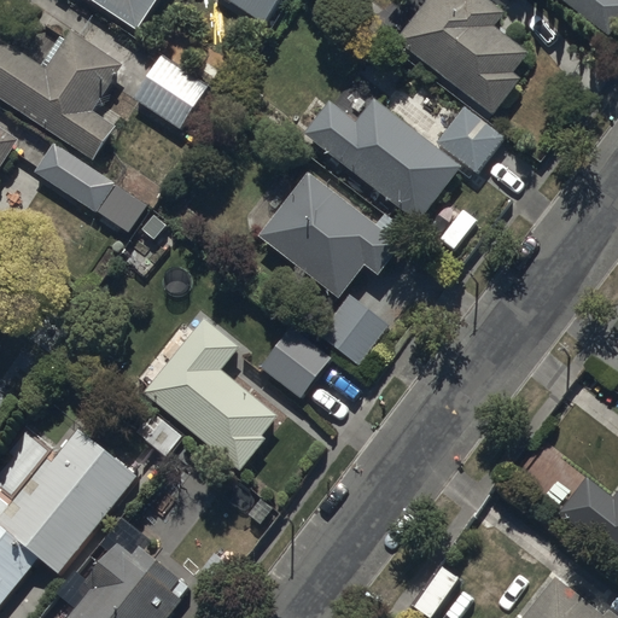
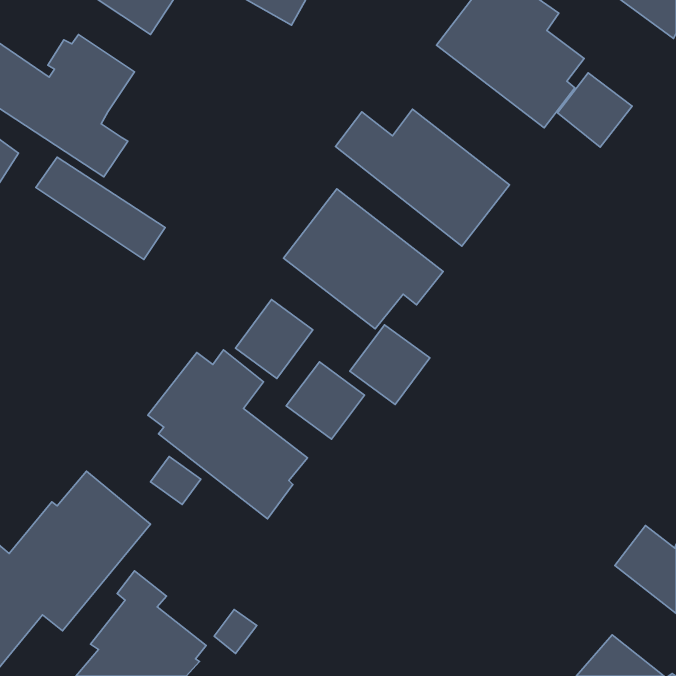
building: [133,56,206,129] -> none
building: [437,105,505,173] -> [558,73,632,147]
building: none -> [236,300,313,378]

